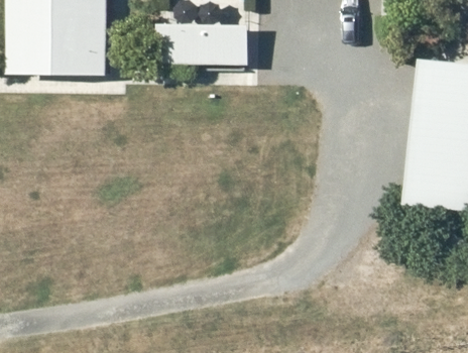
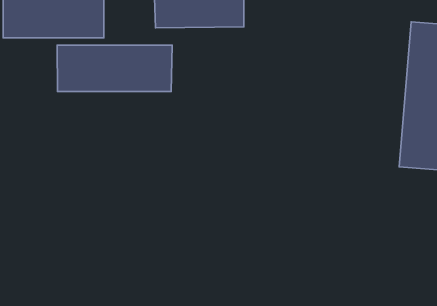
building: none -> [57,45,172,91]

